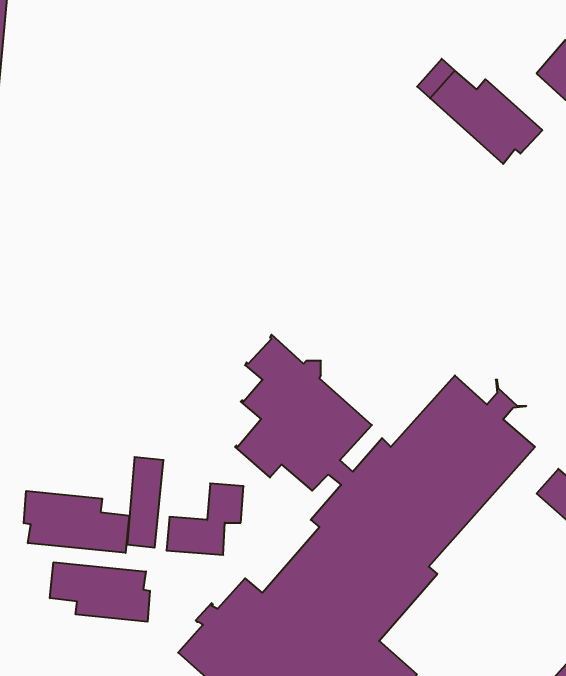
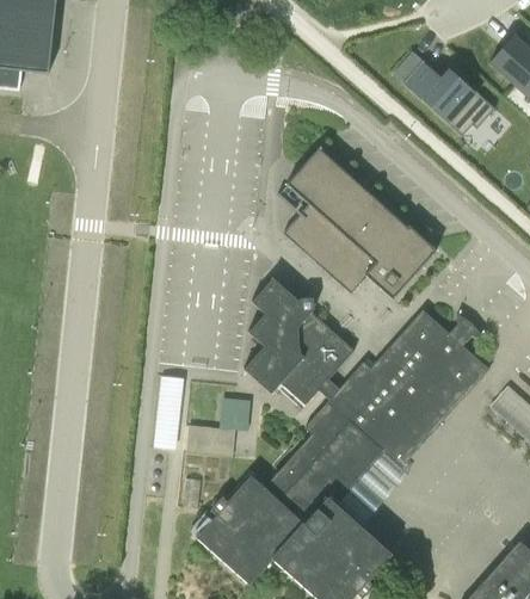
building: none -> [277,146,436,298]
building: [24,491,129,553] -> none
building: [50,562,150,622] -> none

